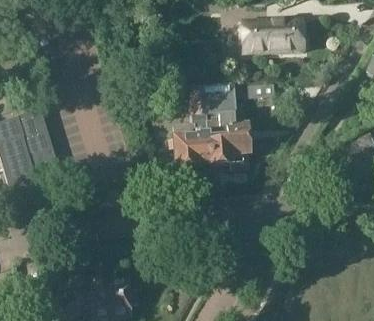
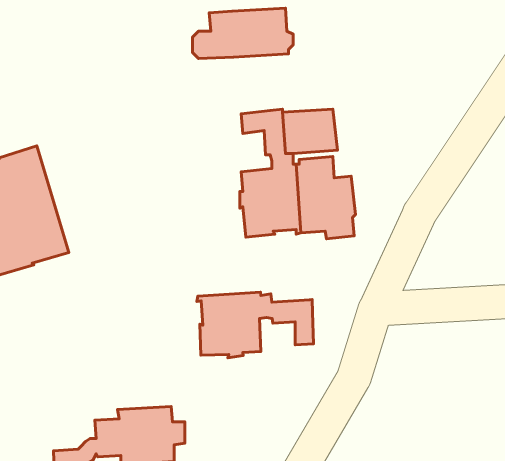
building: [243,19,309,52] -> [192,8,293,59]
building: none -> [197,292,313,358]

